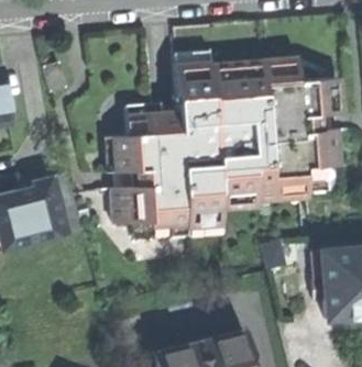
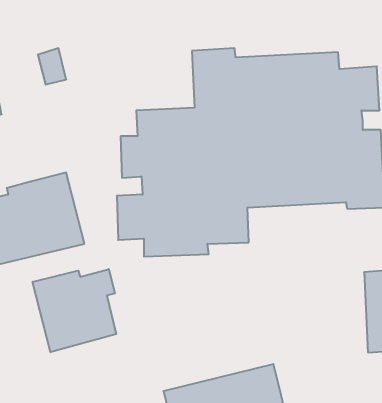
building: none -> [33,269,116,352]

